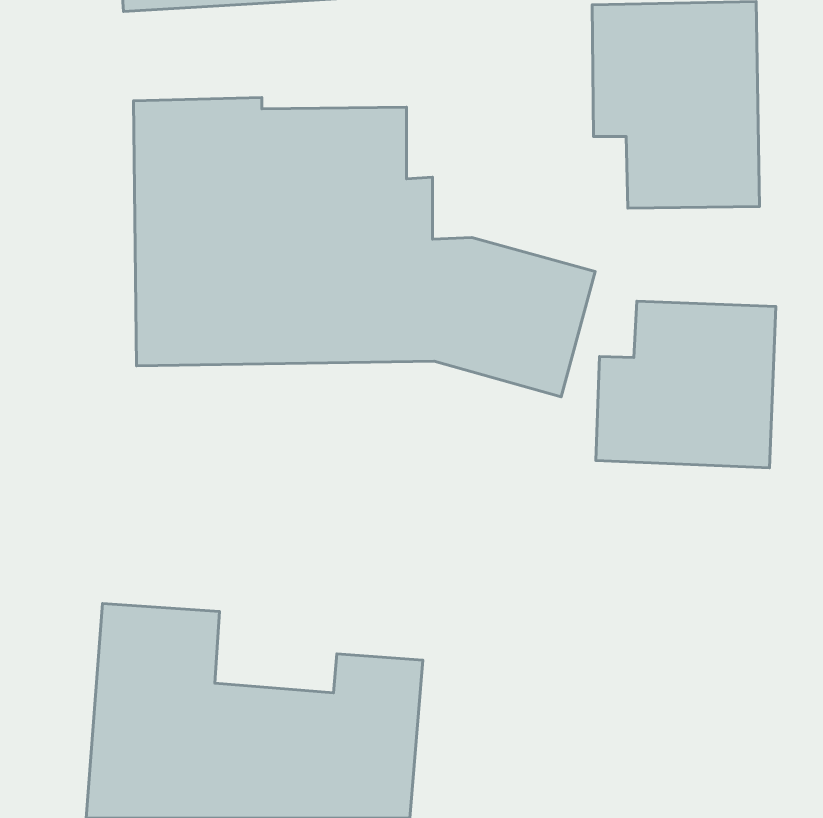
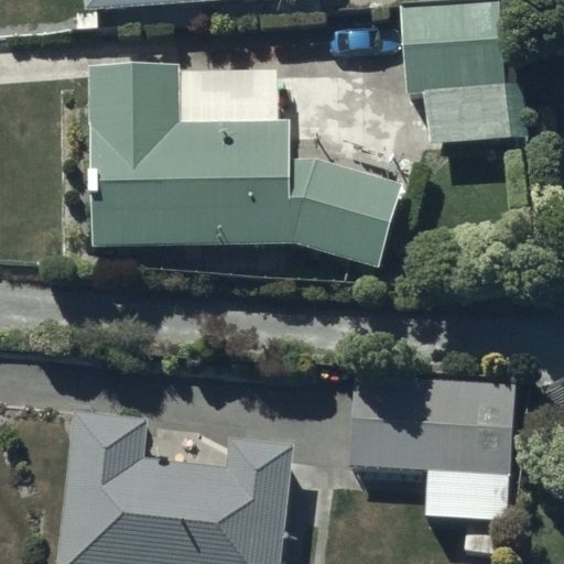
building: [596,301,776,468] -> none
building: none -> [349,376,516,520]

